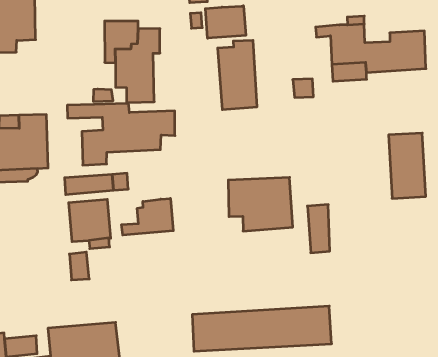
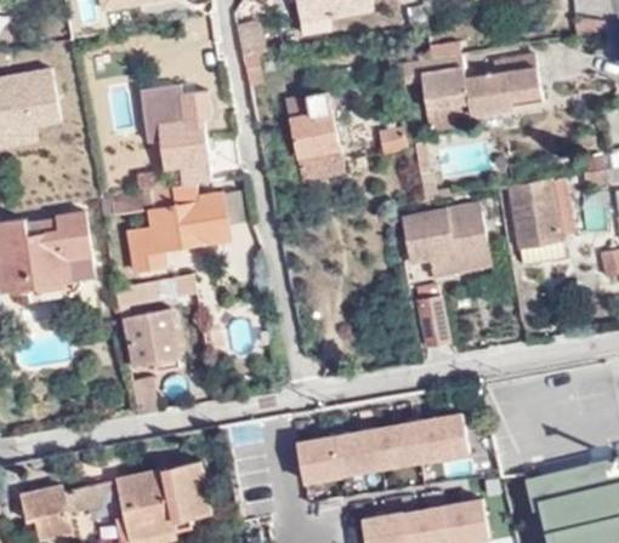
building: [205,6,246,38] -> none
building: [228,177,293,231] -> [405,206,492,279]
building: [122,198,173,235] -> none

